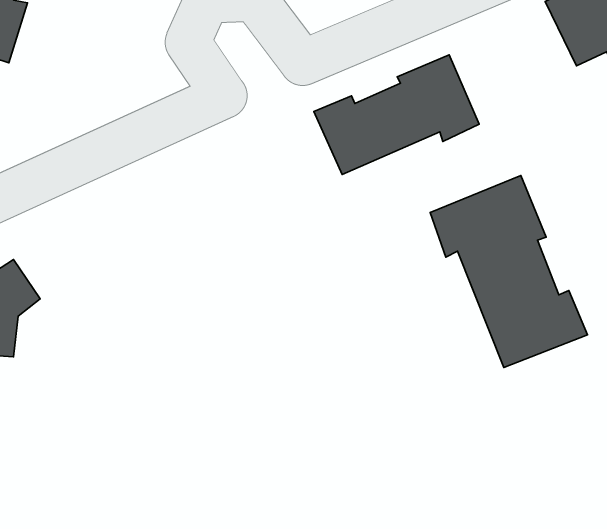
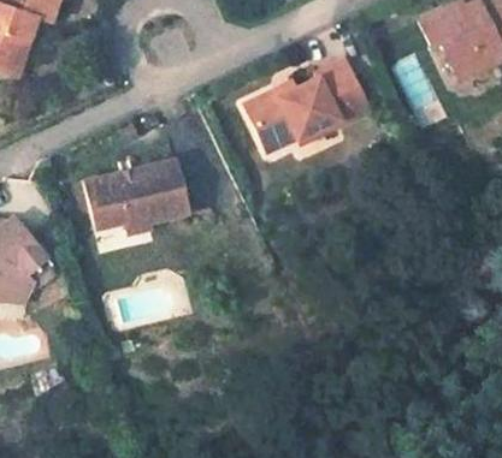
building: [430,176,588,368] -> none
building: none -> [84,165,187,231]

